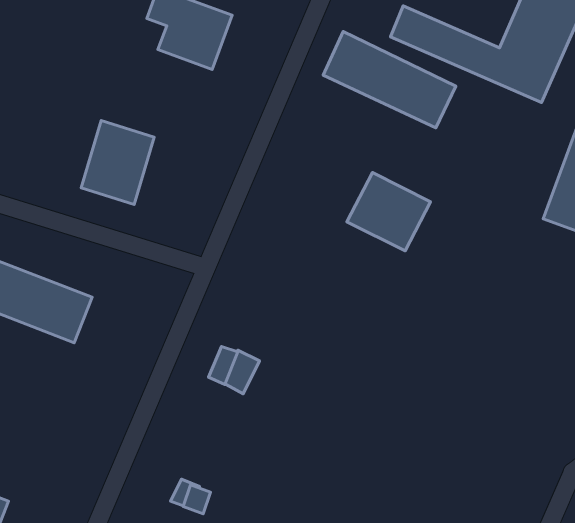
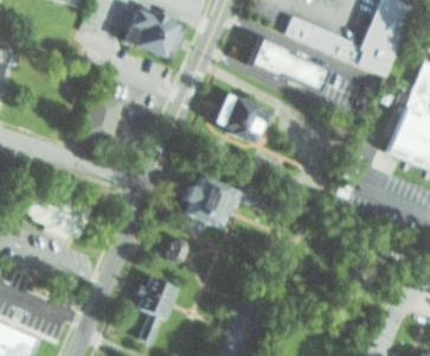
building: [347,173,431,251] -> [210,91,264,142]
building: none -> [174,173,229,230]
building: none -> [136,278,180,319]

